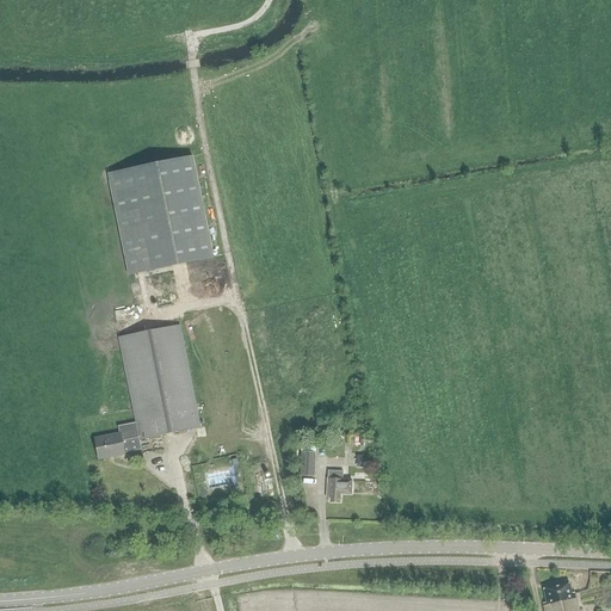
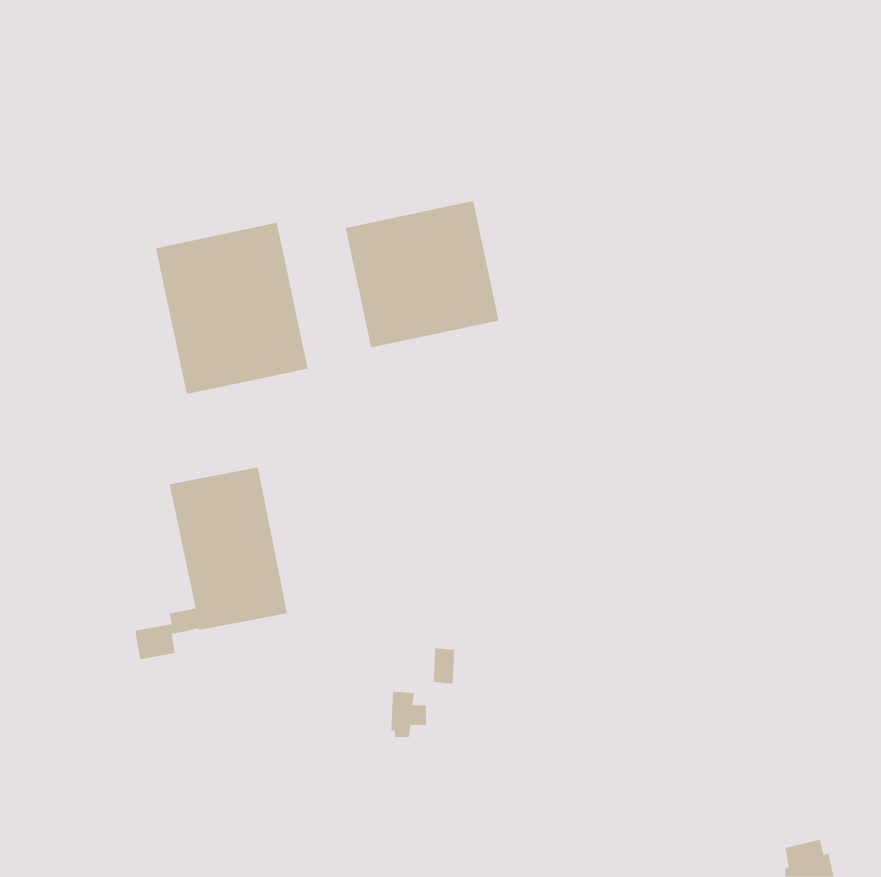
building: none -> [345,200,499,348]
building: [326,468,351,500] -> [391,691,427,738]

